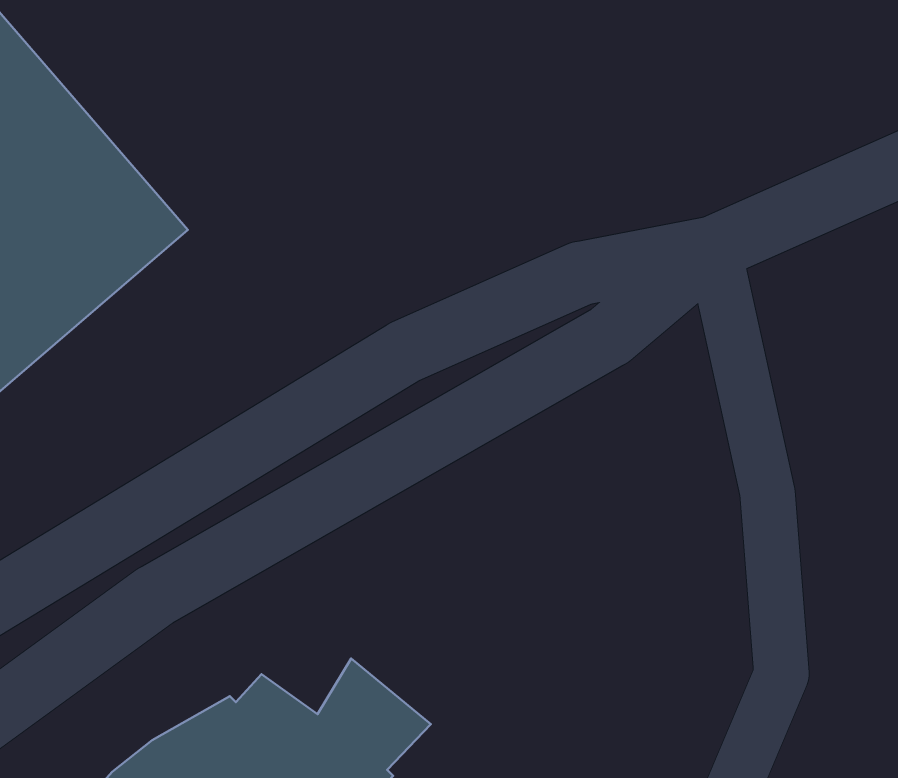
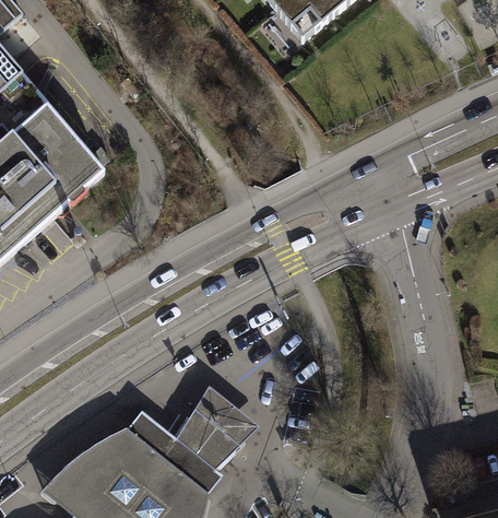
building: none -> [195,385,258,443]

